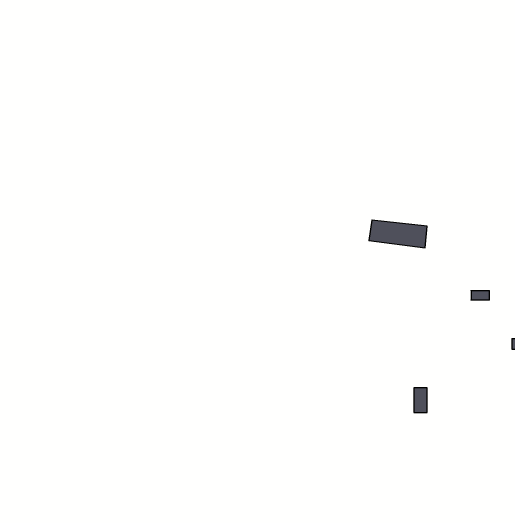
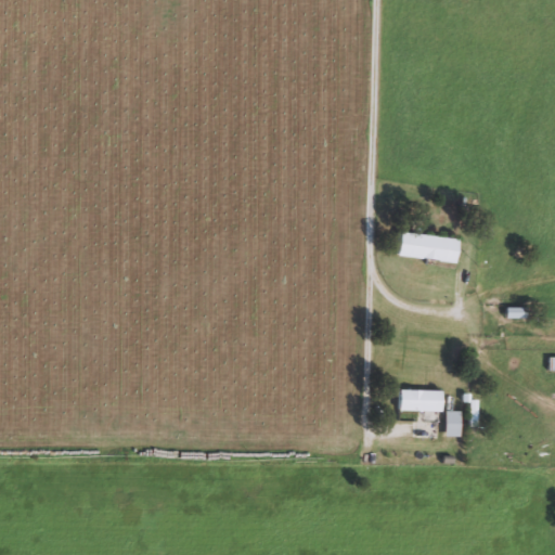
building: none -> [399,390,440,411]

